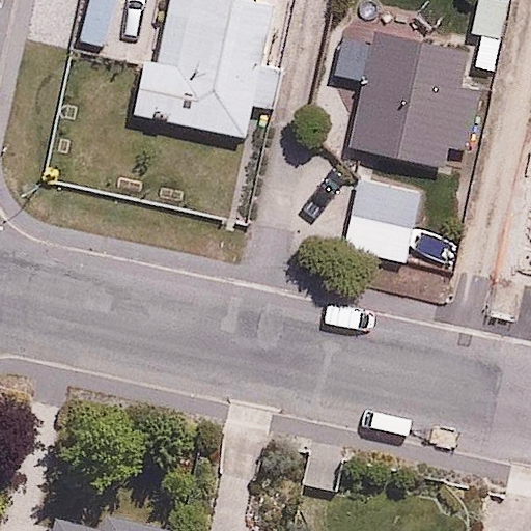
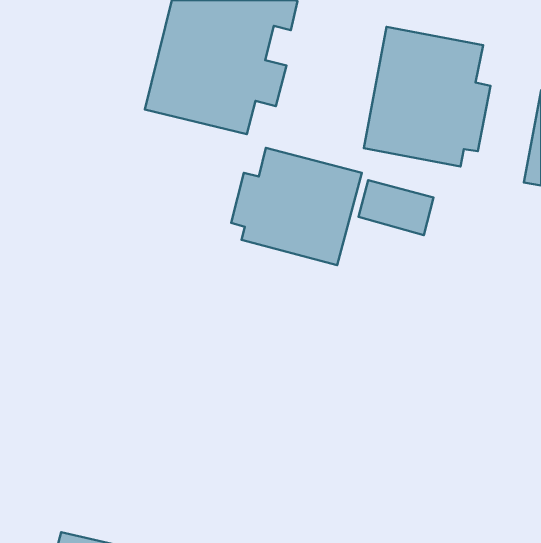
building: none -> [231,148,362,265]

